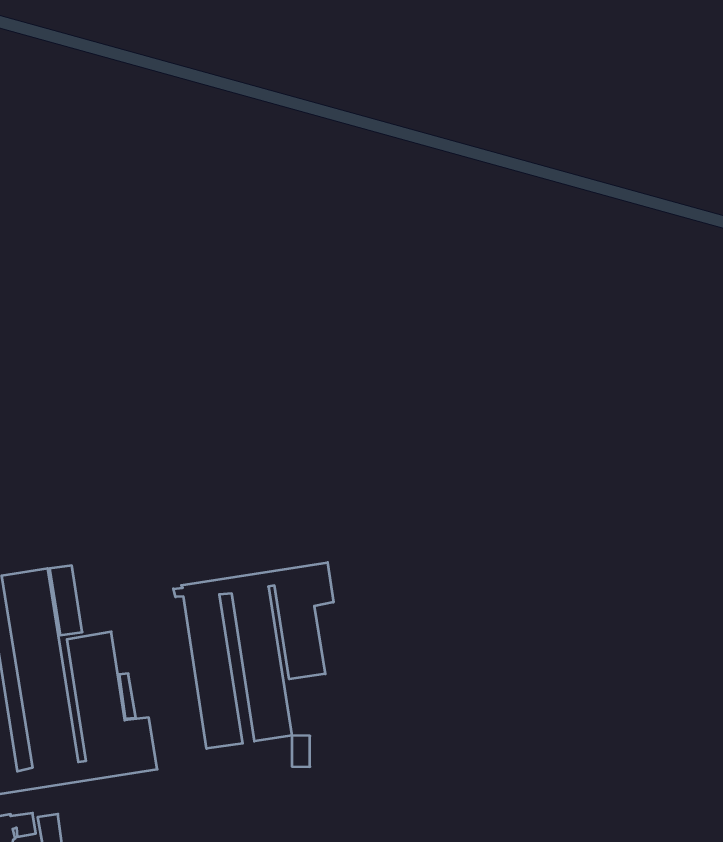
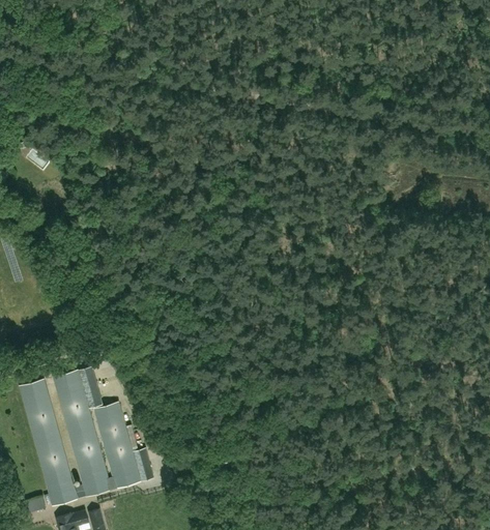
building: [173,562,333,749] -> none

